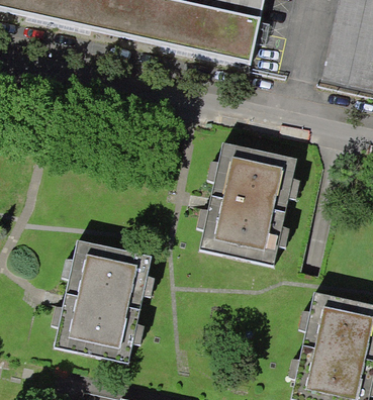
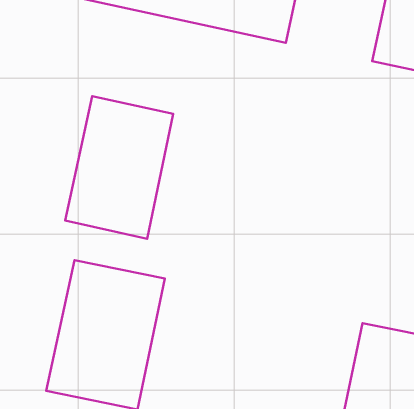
building: none -> [65,96,173,239]
building: [200,142,297,266] -> none

